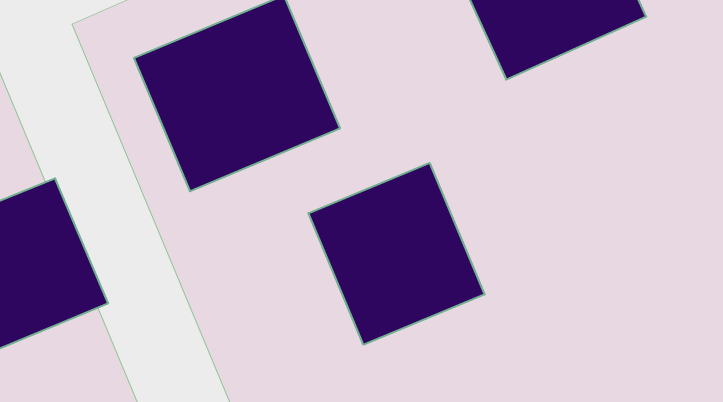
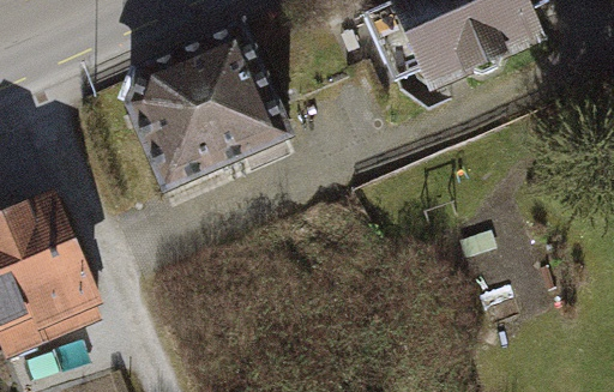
building: [308,163,485,345] -> none

